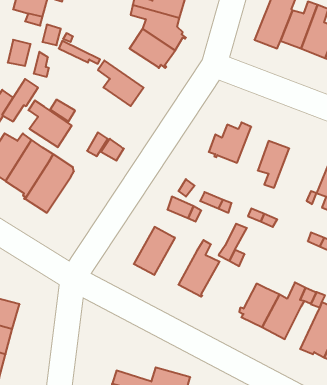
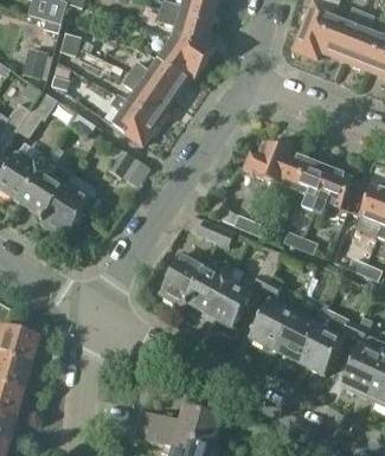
building: none -> [129,59,187,102]
building: [28,100,72,147] -> [110,95,158,146]
building: none -> [269,144,308,199]
building: none -> [314,168,354,214]
building: none -> [184,265,236,316]
building: none -> [251,302,295,352]

